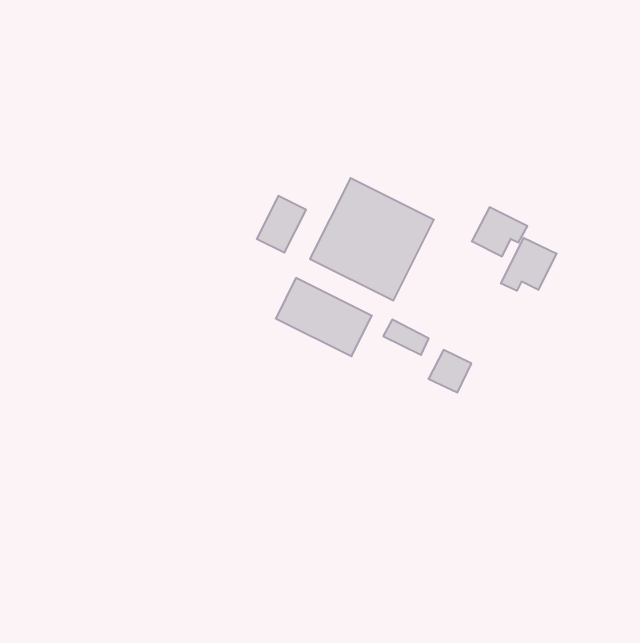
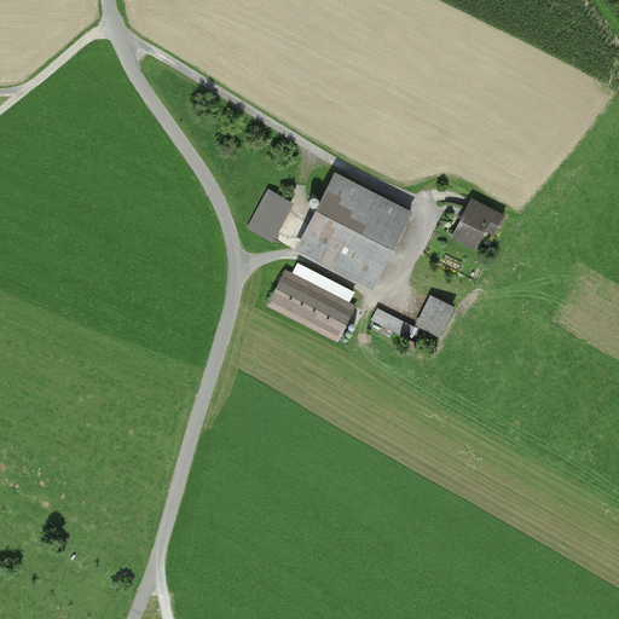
building: [501,238,557,291] -> none
building: [428,350,471,393] -> [415,294,456,335]

